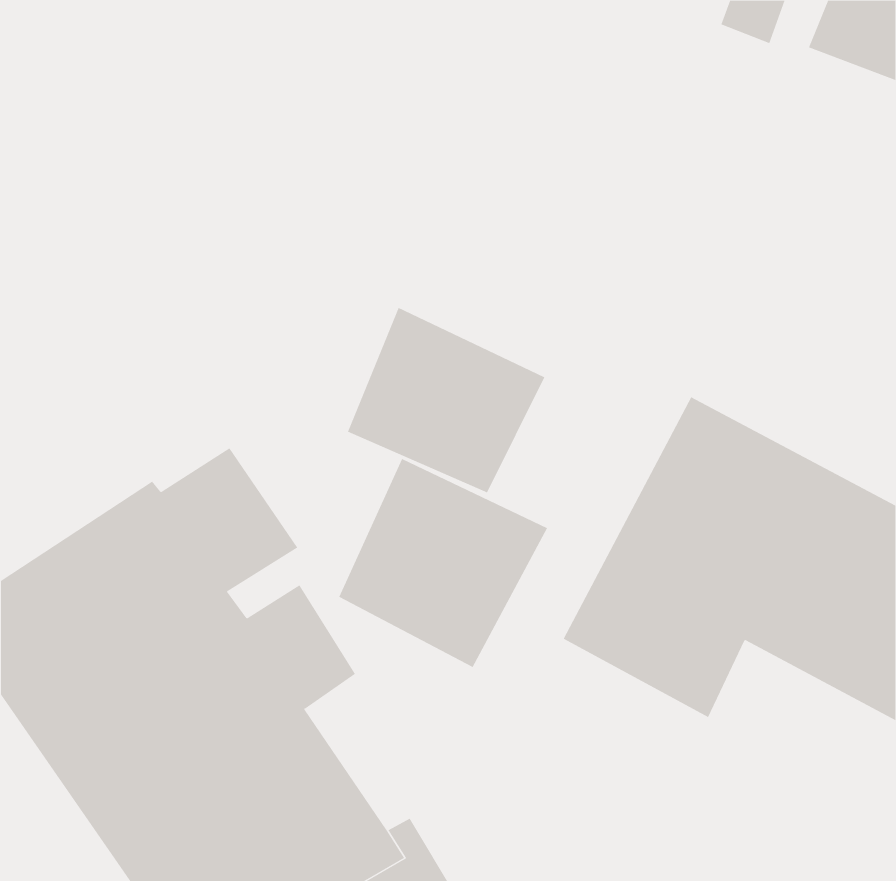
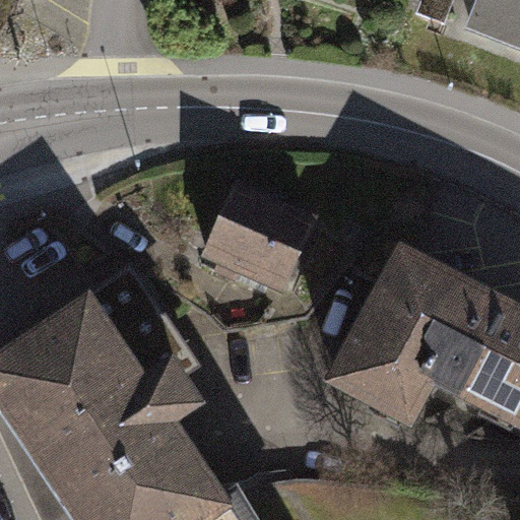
building: [338,458,548,668] -> none

